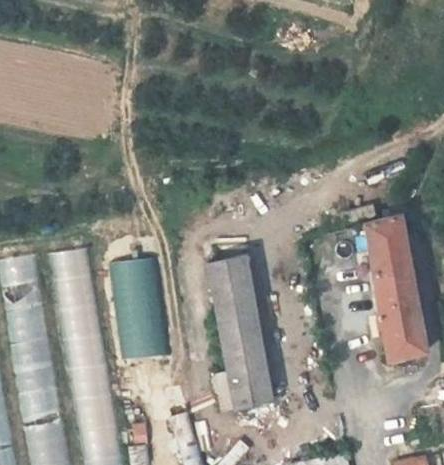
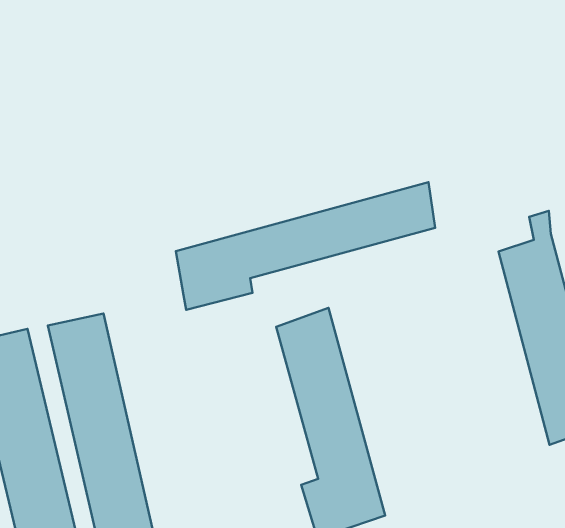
building: none -> [176,182,435,310]
building: [110,256,168,358] -> none

